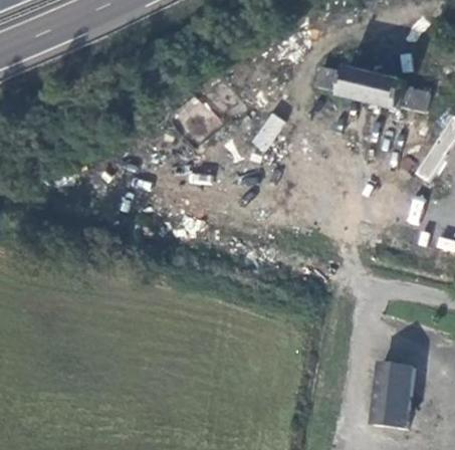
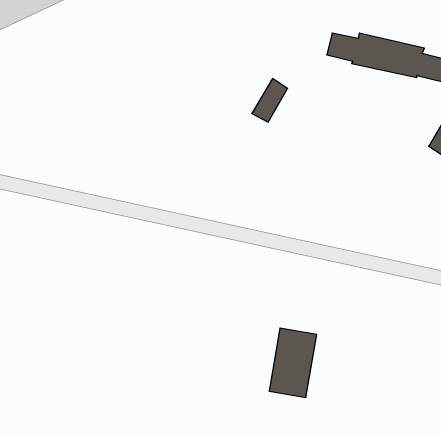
building: [371,368,415,432] -> [269,328,317,398]

